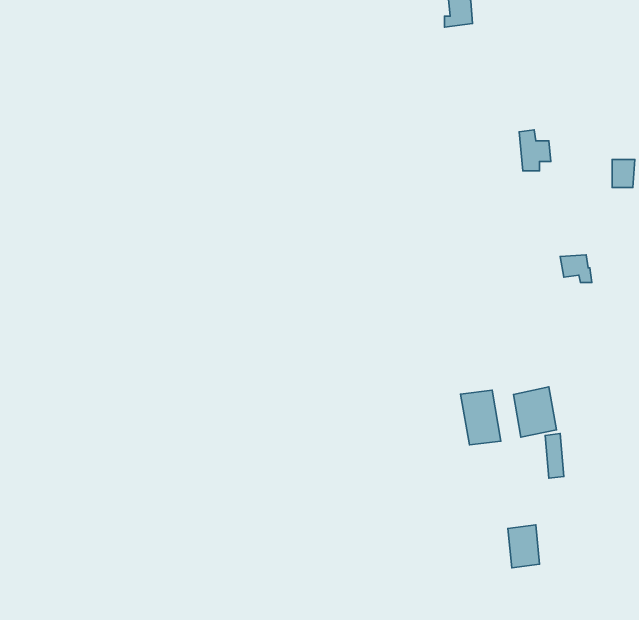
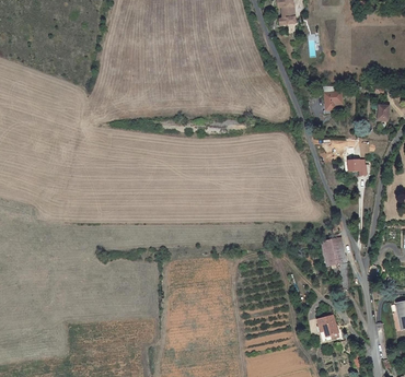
building: [461,390,501,445] -> none

